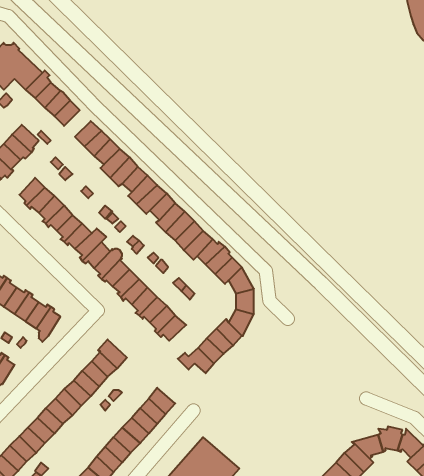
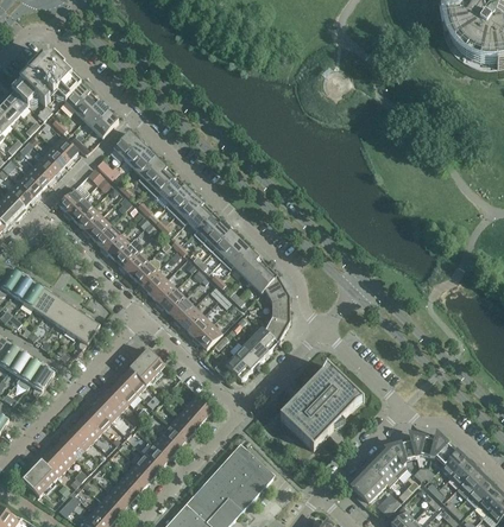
building: none -> [279,368,361,450]

